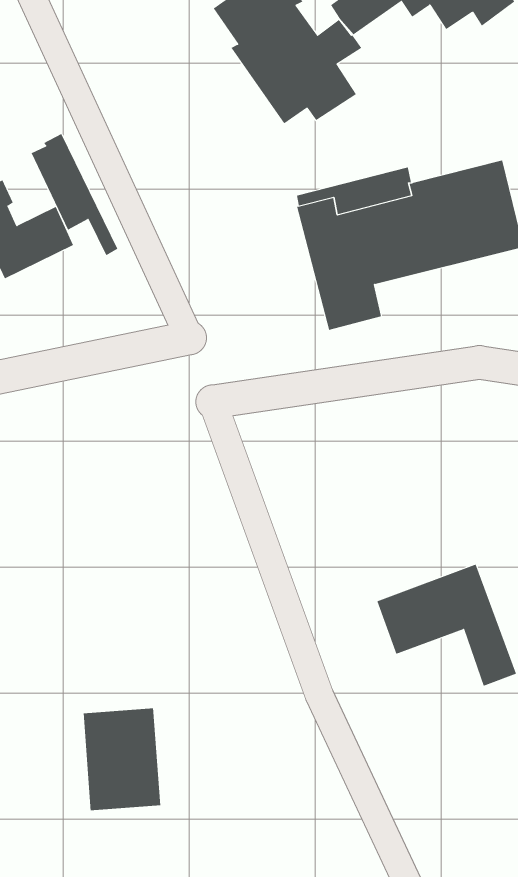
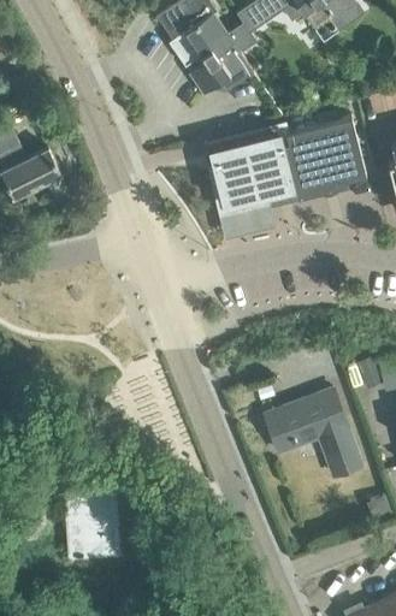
building: [31,133,118,256] -> none

